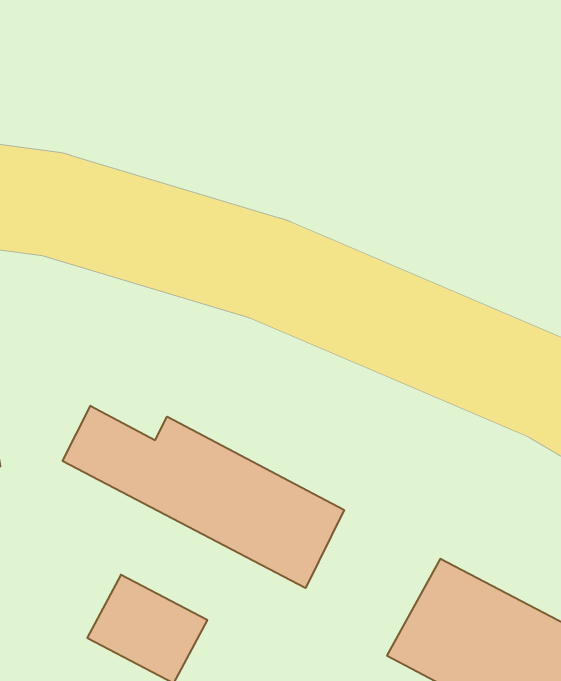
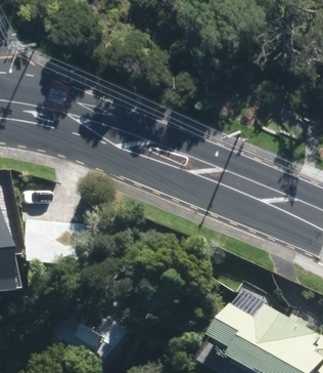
building: [63,406,344,588] -> none

